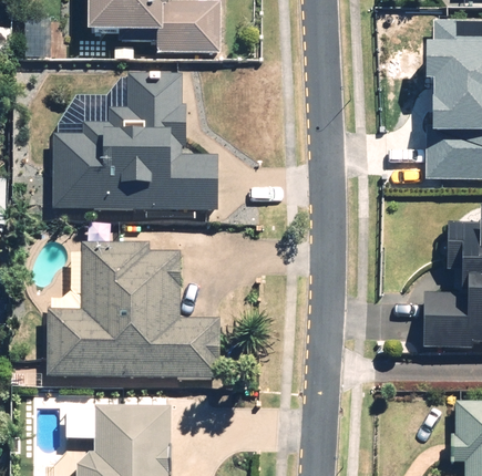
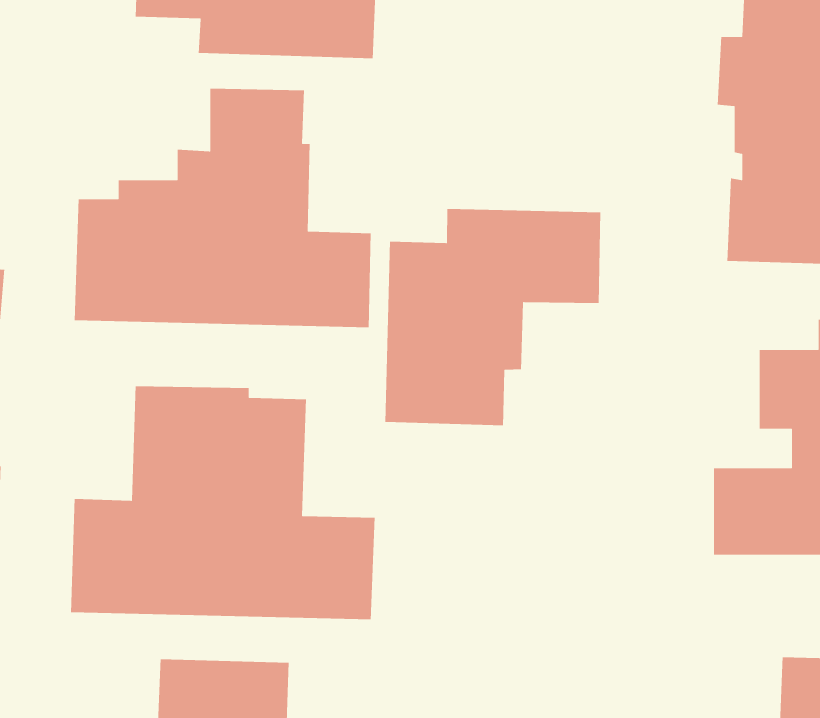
building: none -> [384,208,601,426]

